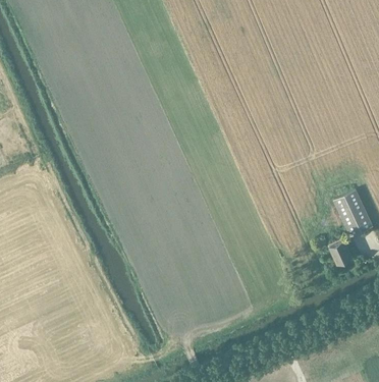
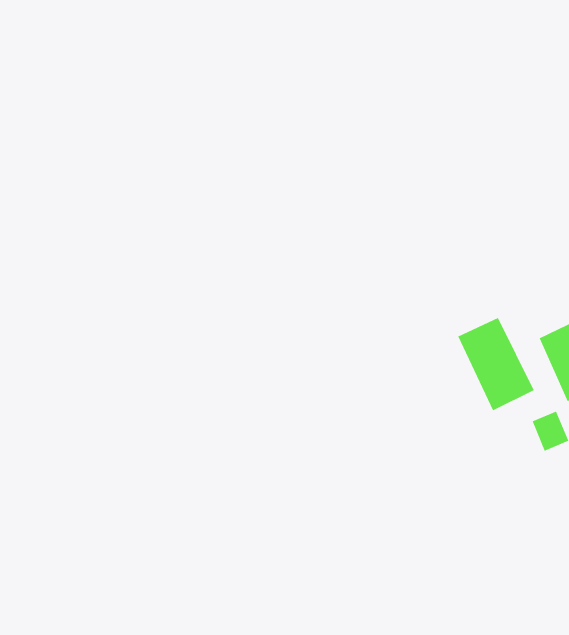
building: none -> [458,317,535,411]

